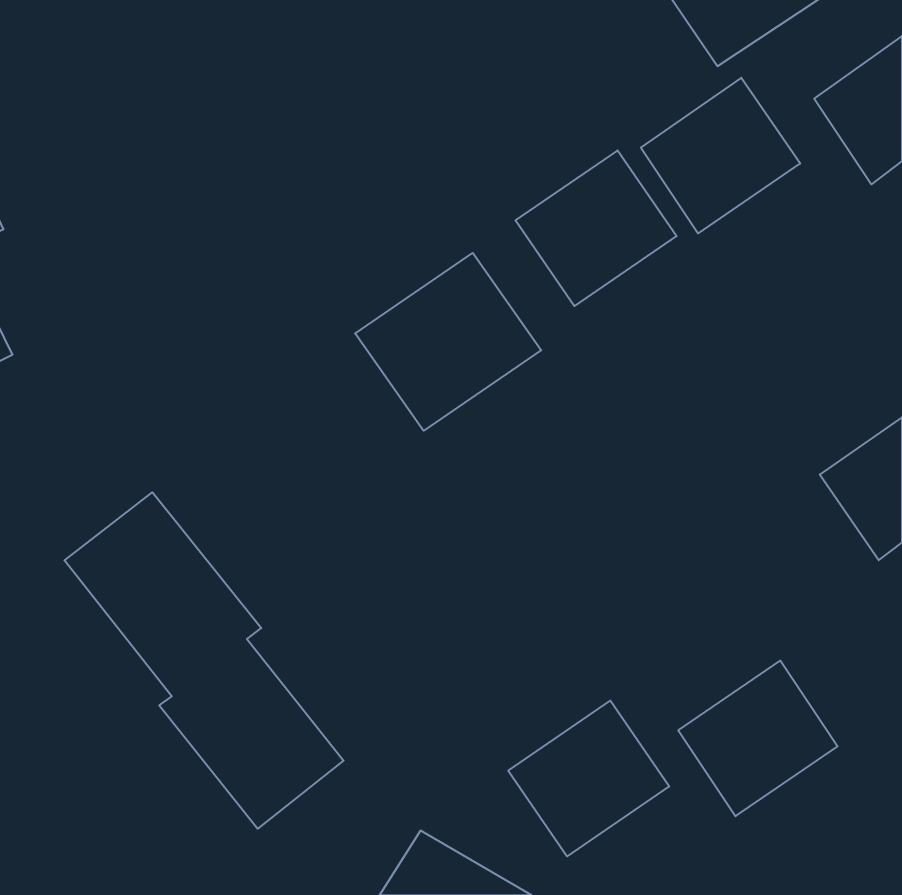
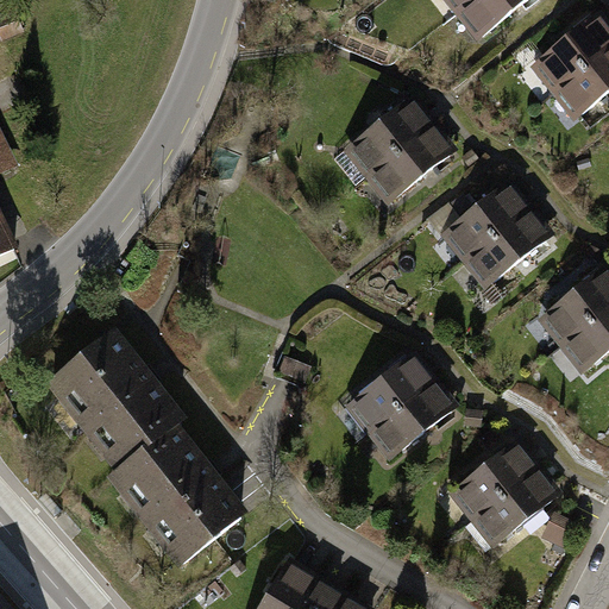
building: [641,78,800,233] -> [445,184,551,288]
building: [355,253,541,431] -> none
building: [508,701,669,856] -> [350,352,457,456]

